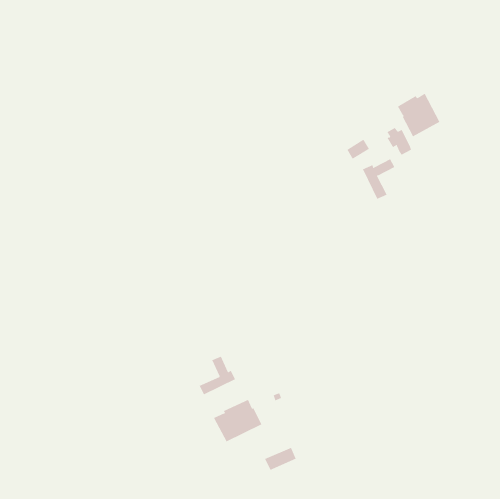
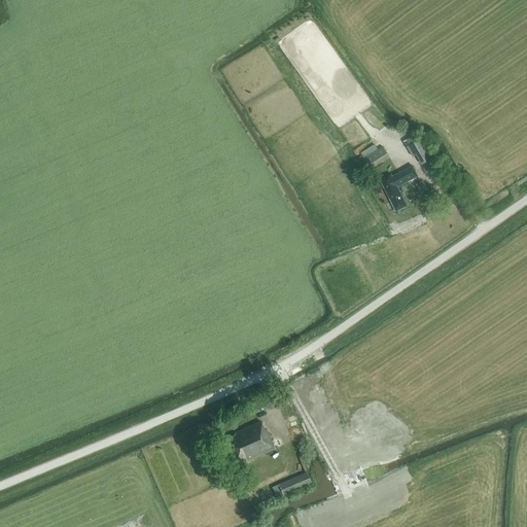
building: [397,93,440,137] -> none
building: [199,356,236,395] -> none

